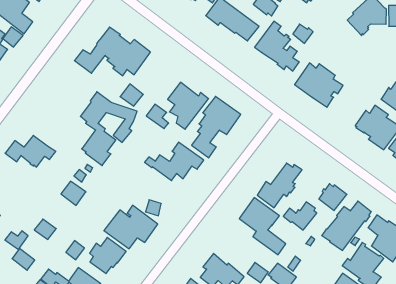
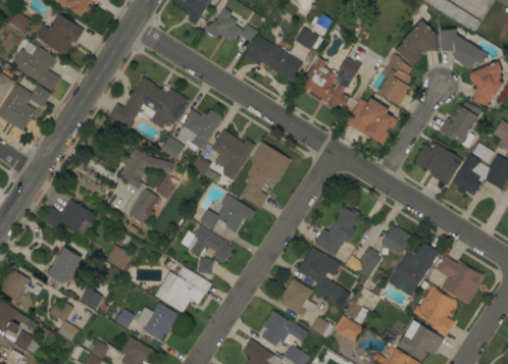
building: none -> [377,53,412,105]
building: none -> [181,109,221,152]
building: none -> [188,225,233,262]
building: none -> [47,247,82,290]
building: none -> [281,278,316,316]

